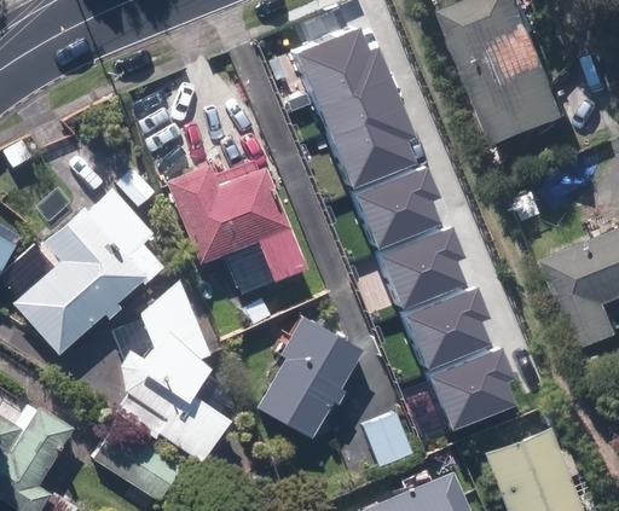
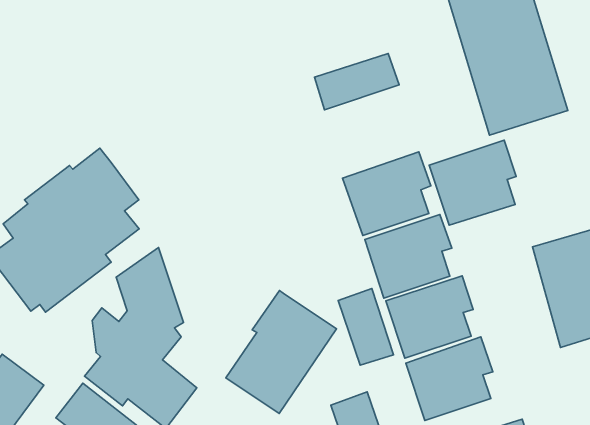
building: [300,29,391,103] -> none
building: [331,104,420,192] -> [429,140,516,225]
building: [163,161,305,291] -> none
building: none -> [338,288,394,365]

